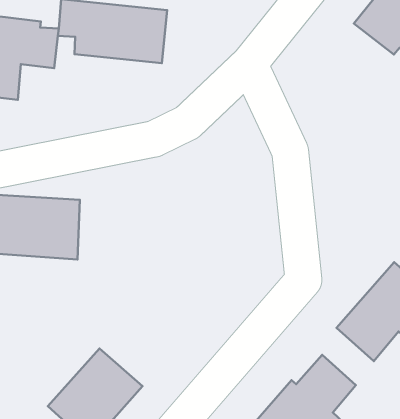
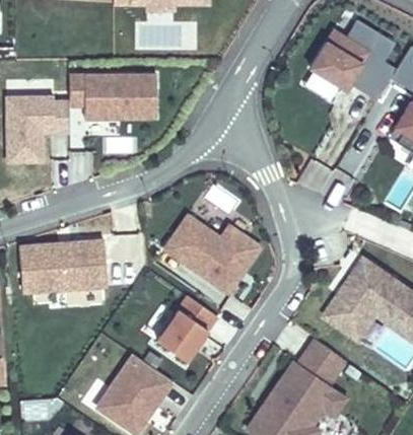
building: none -> [163,215,260,292]
building: none -> [155,296,216,362]

